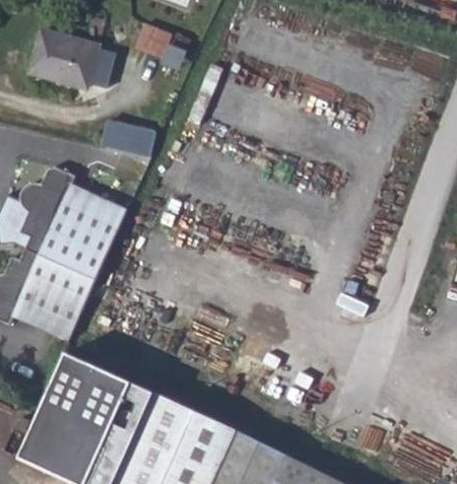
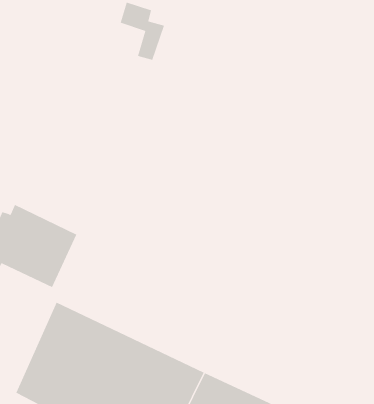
building: [28,32,114,90] -> none
building: [102,123,156,158] -> none
building: [18,164,126,278] -> none

